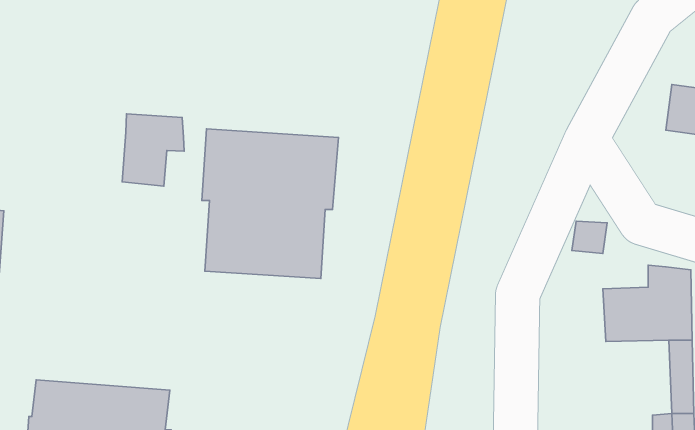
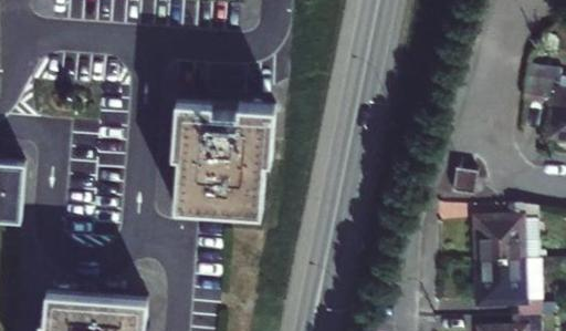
building: [122,114,184,186] -> none
building: none -> [475,262,525,319]

